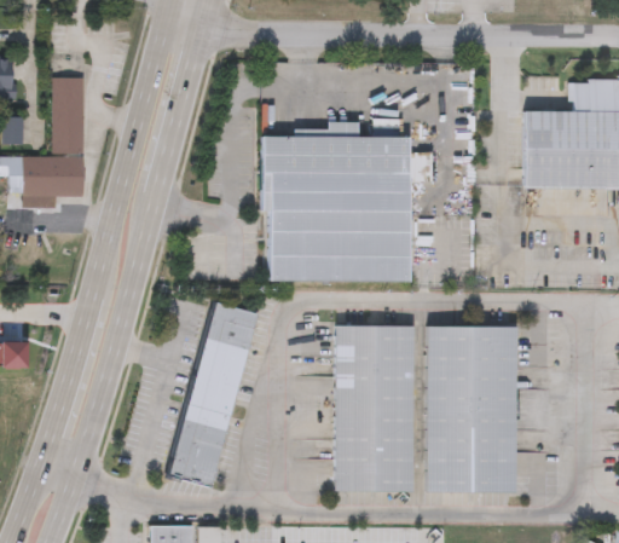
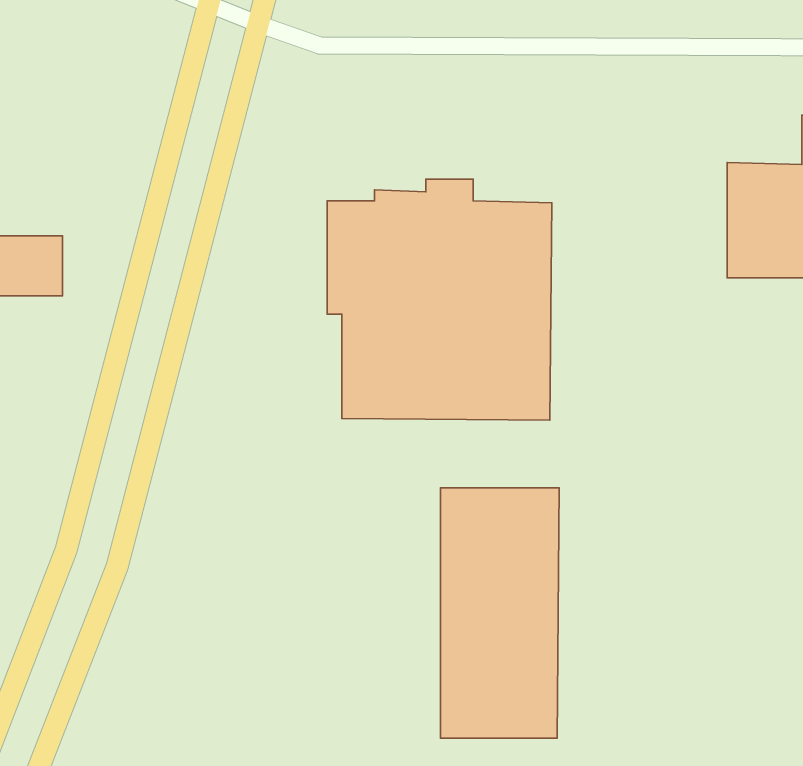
building: [53,80,85,156] -> none
building: [168,301,259,487] -> none
building: [426,327,516,493] -> none

